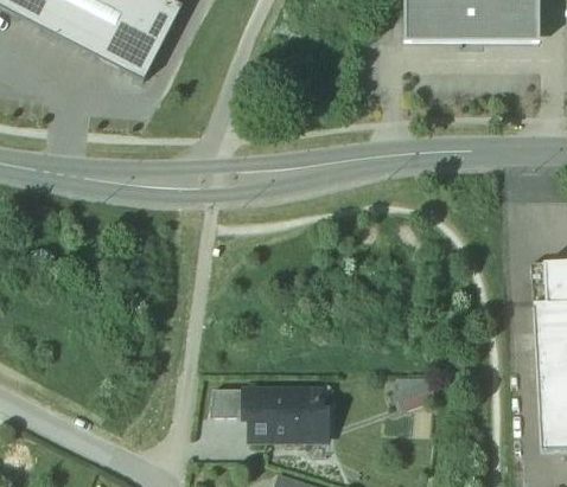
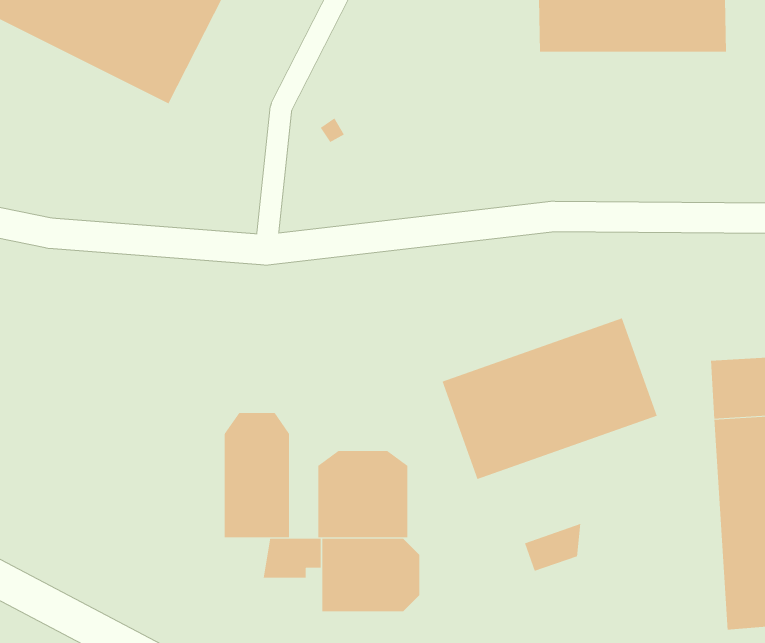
building: none -> [442,318,658,480]
building: none -> [224,412,290,538]
building: none -> [318,450,408,538]

